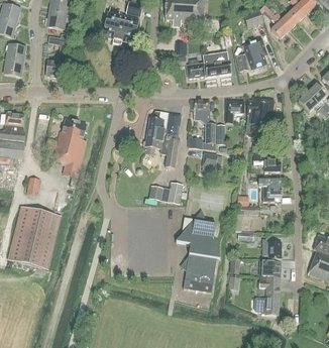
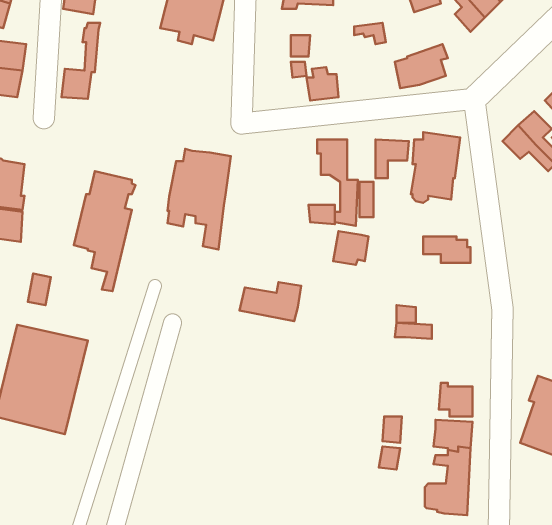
building: [204,52,231,76] -> none
building: [144,110,181,167] -> [167,149,231,250]
building: [257,177,282,201] -> none
building: [176,210,220,293] -> none

